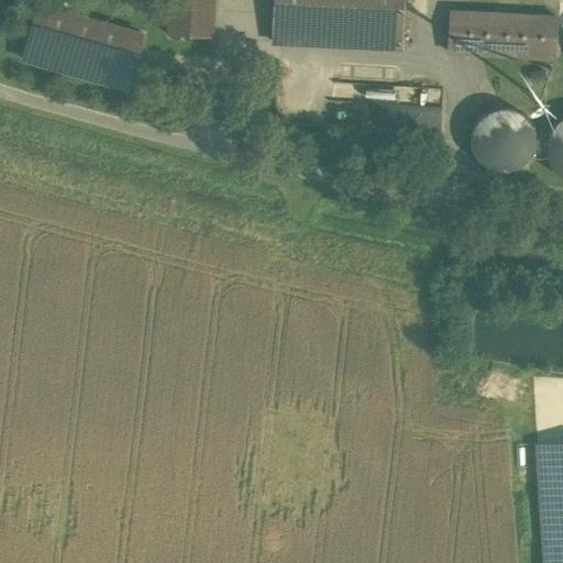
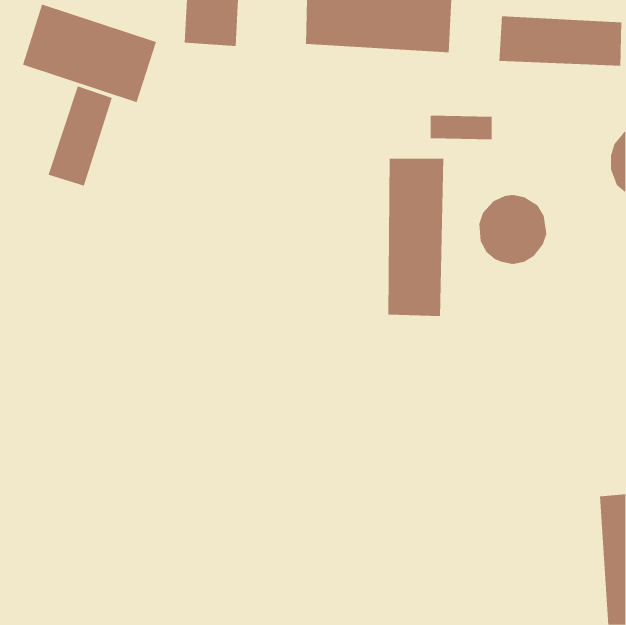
building: none -> [48,86,113,187]
building: [471,100,532,163] -> [478,195,547,264]
building: none -> [388,158,444,317]

